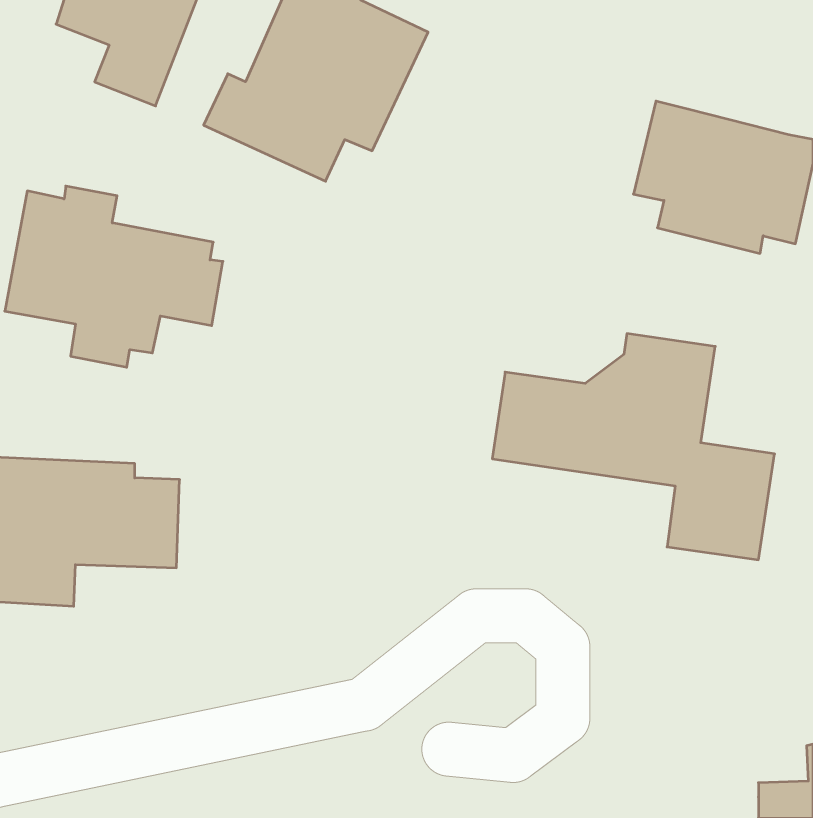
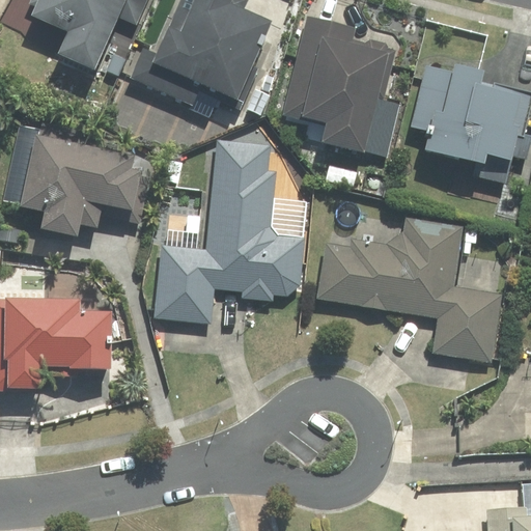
building: none -> [283,15,394,159]
building: none -> [156,141,303,323]

